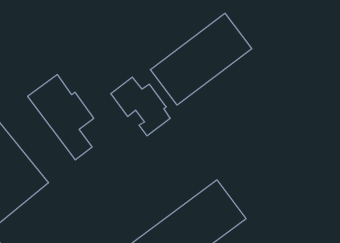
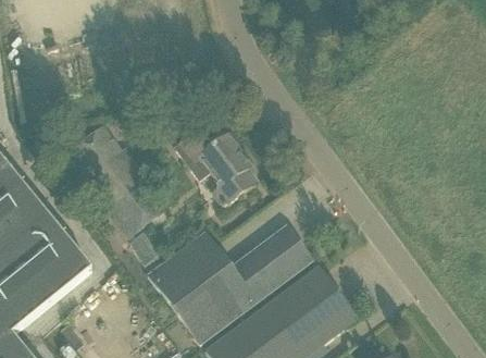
building: [150,13,252,105] -> none
building: none -> [147,222,313,342]

